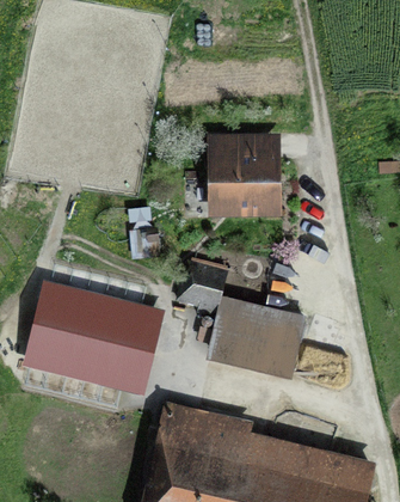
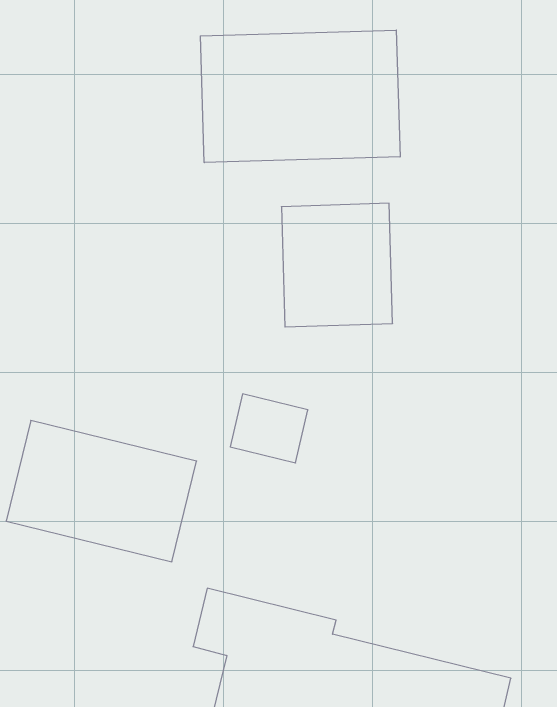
building: none -> [200,30,400,163]
building: [210,301,310,382] -> none

